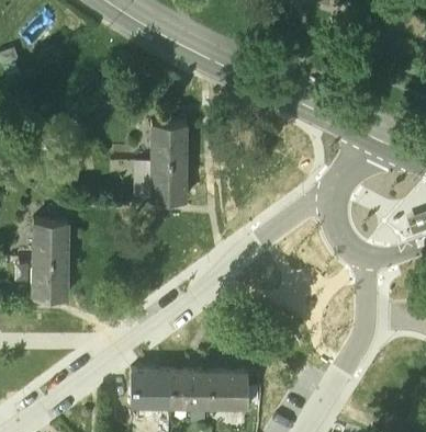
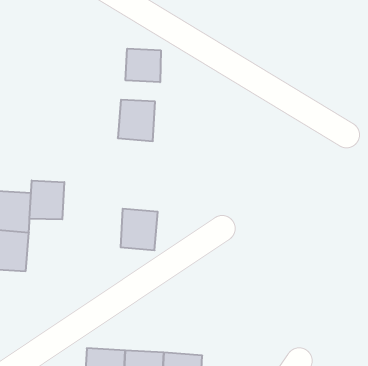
building: none -> [126,49,161,82]
building: [152,162,187,202] -> [121,209,158,250]
building: none -> [30,180,64,219]

